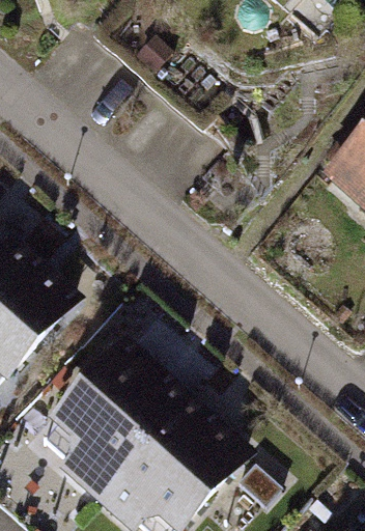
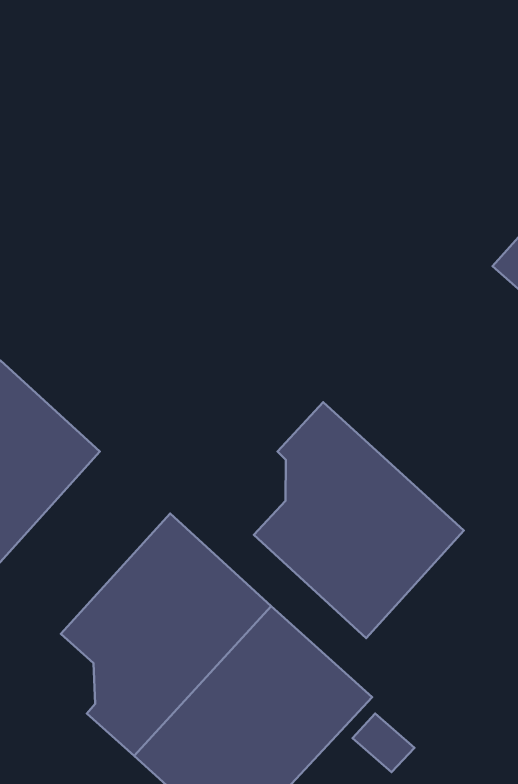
building: none -> [254,402,464,638]

